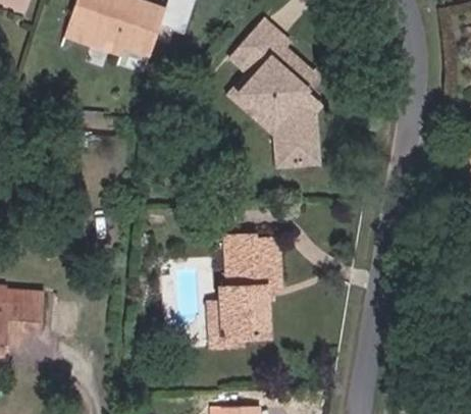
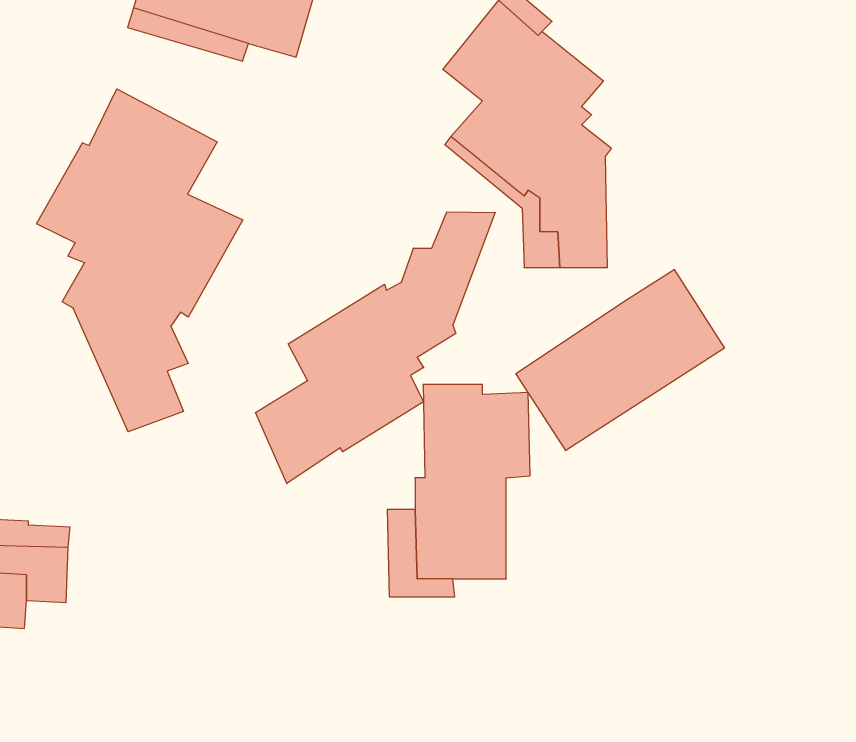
building: none -> [37,89,243,432]
building: none -> [256,212,495,484]
building: none -> [516,269,724,451]

